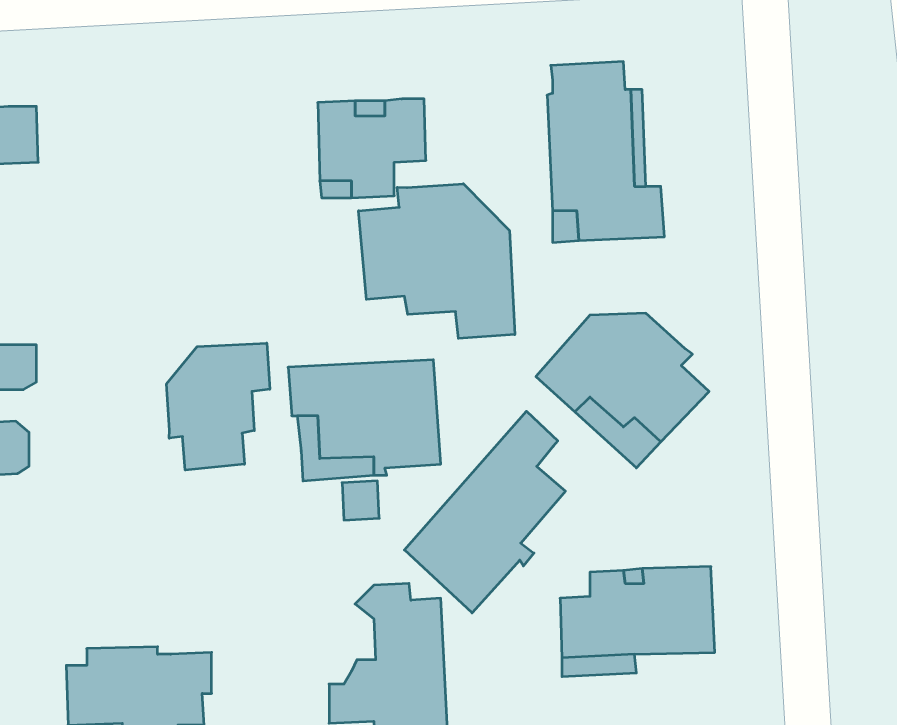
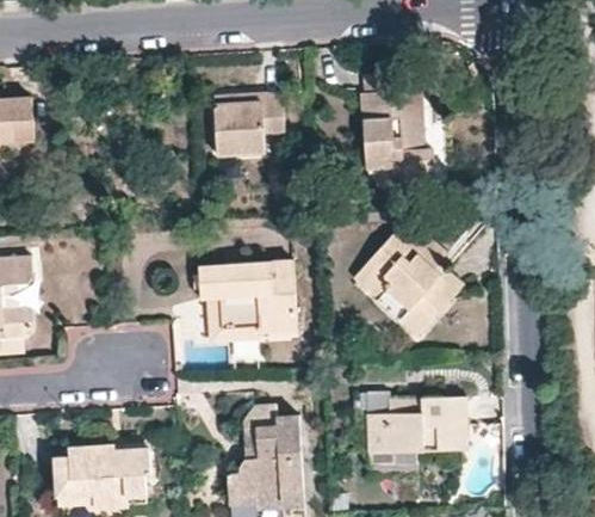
building: [359,184,515,338] -> none
building: [167,343,270,470] -> none
building: [404,411,565,613] -> none

